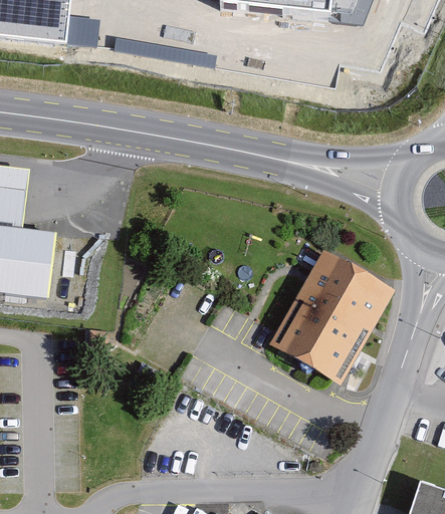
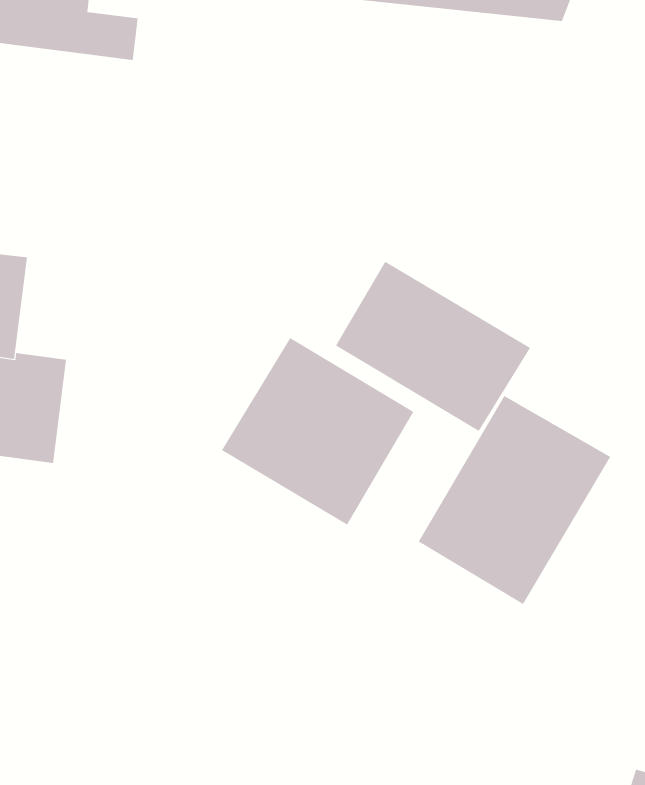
building: none -> [335,261,531,432]
building: none -> [221,337,414,525]

